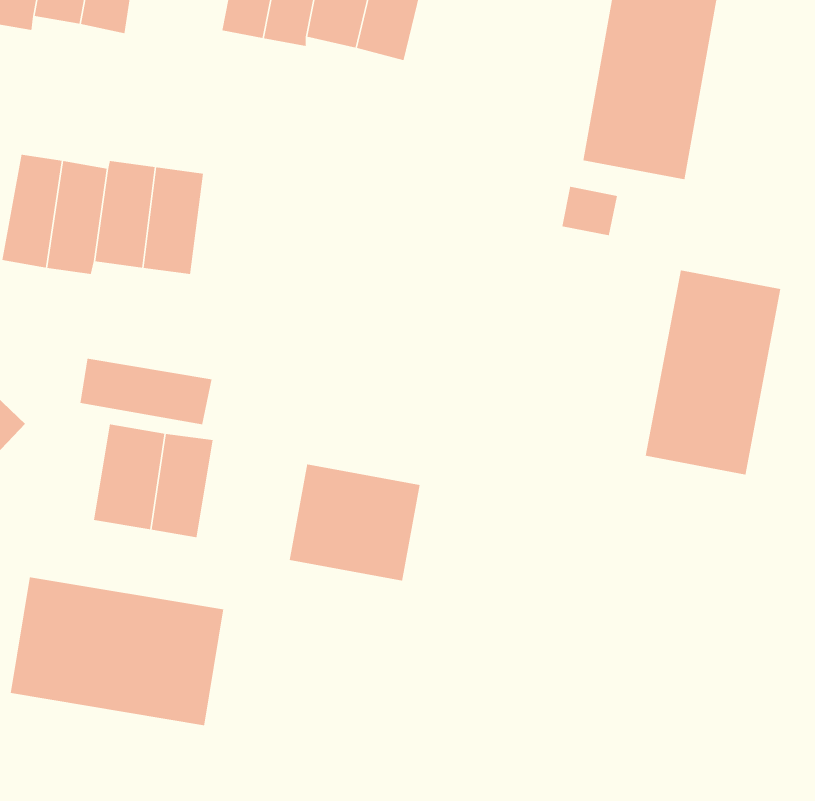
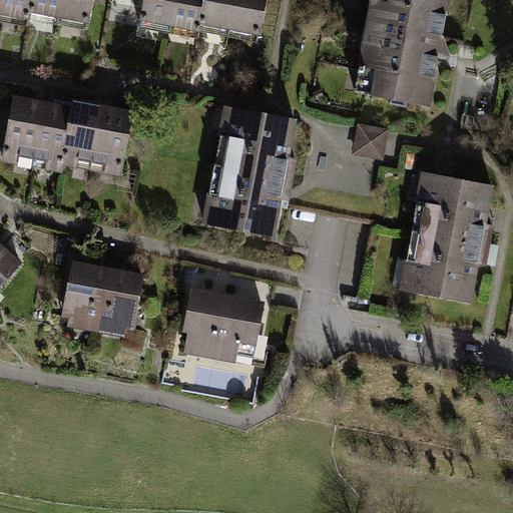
building: none -> [205,106,296,235]
building: [80,358,212,425] -> none
building: [10,577,224,726] -> none

